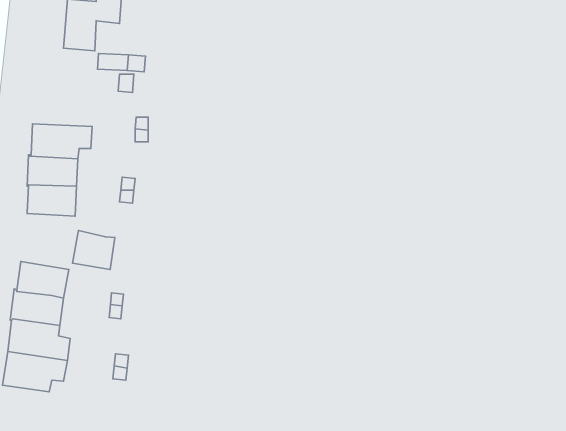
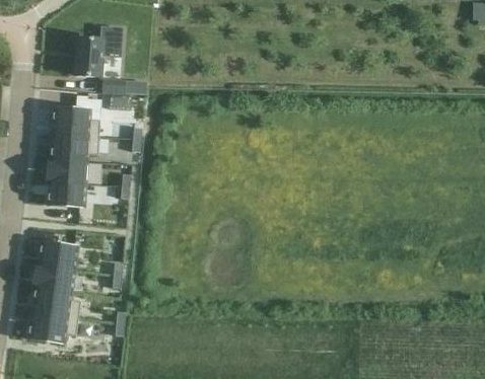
building: none -> [51,107,98,136]
building: [72,231,115,269] -> none

